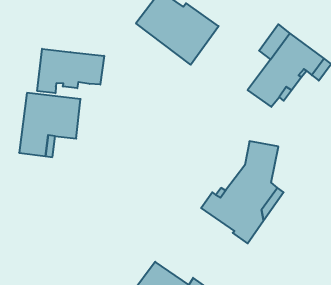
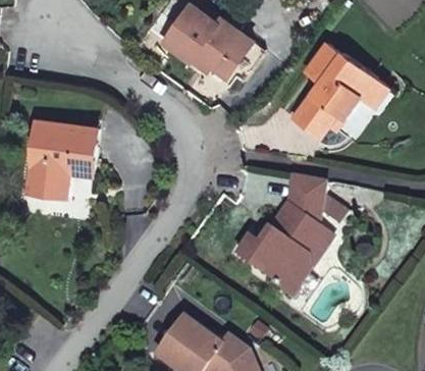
building: [37,49,104,93] -> none

